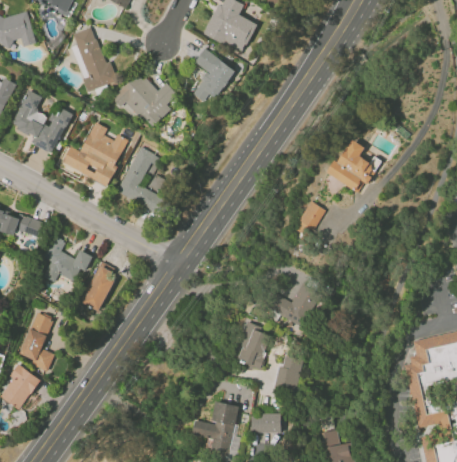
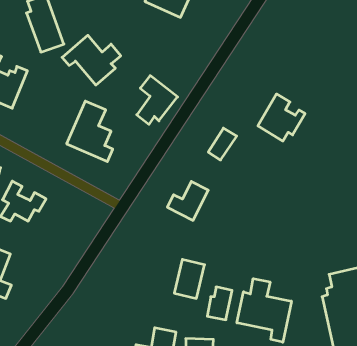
building: [190,47,236,102] -> [137,76,178,124]
building: [61,121,128,185] -> none
building: [295,201,327,237] -> [208,128,237,160]
building: [84,263,117,310] -> none
building: [274,283,320,327] -> [167,181,208,220]
building: none -> [237,279,291,342]

